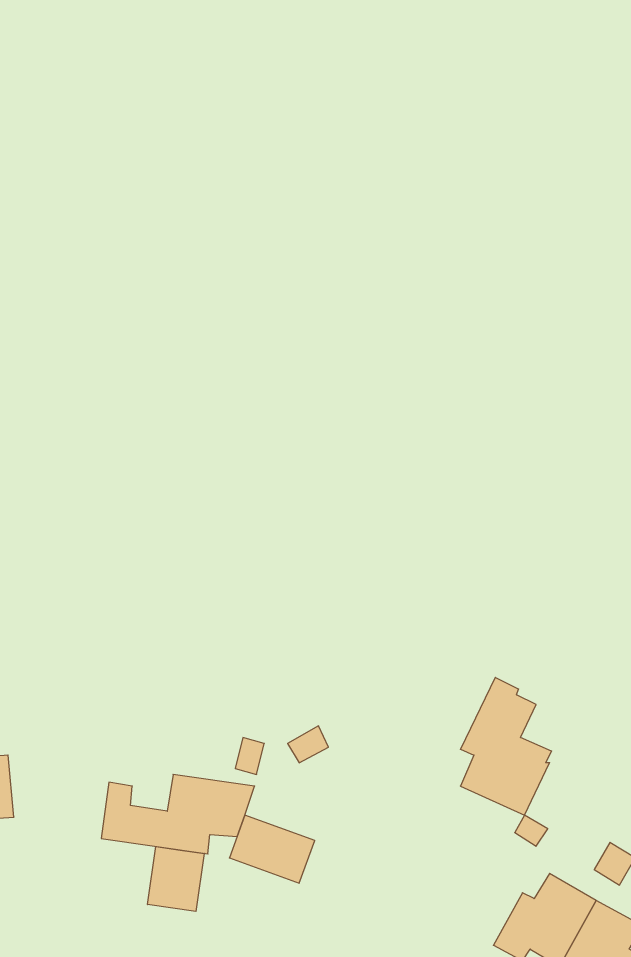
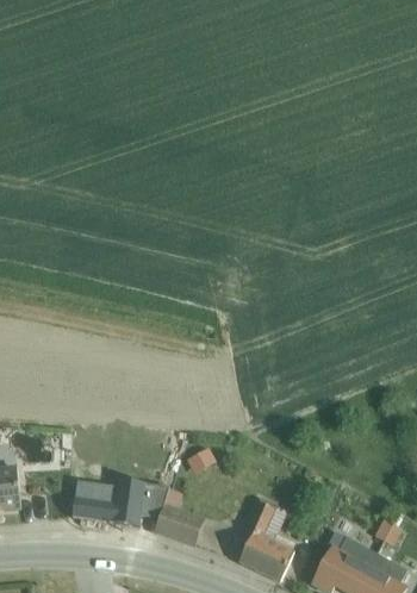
building: [460,677,552,815] -> [239,498,295,582]
building: [148,847,204,911] -> none

